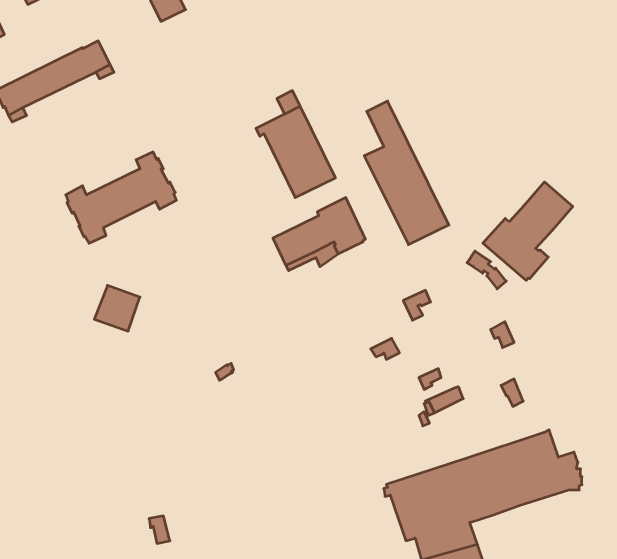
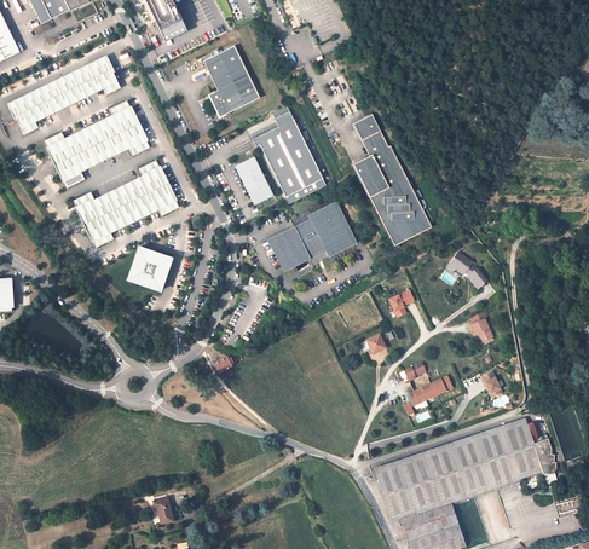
building: none -> [203,46,260,119]
building: none -> [47,102,150,186]
building: none -> [237,158,272,203]
building: [483,182,573,280] -> none
building: [94,285,140,331] -> [128,248,171,290]

